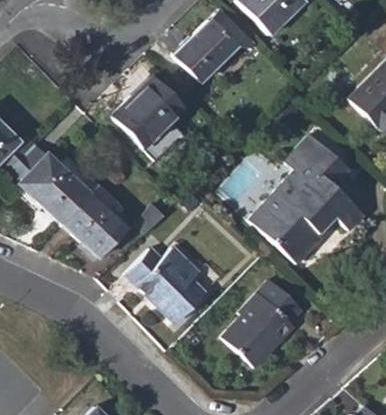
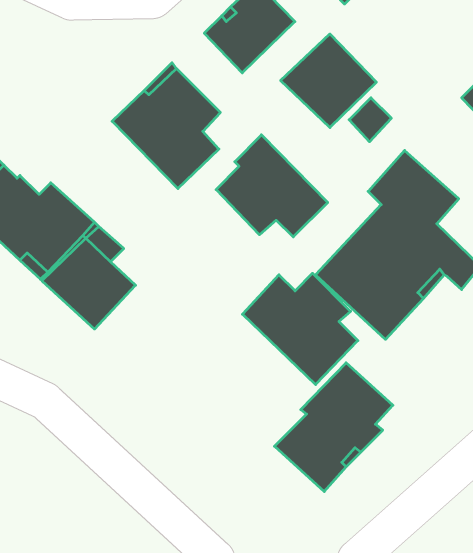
building: none -> [281,34,376,128]
building: none -> [216,135,328,237]
building: [127,247,206,323] -> [242,273,358,385]

